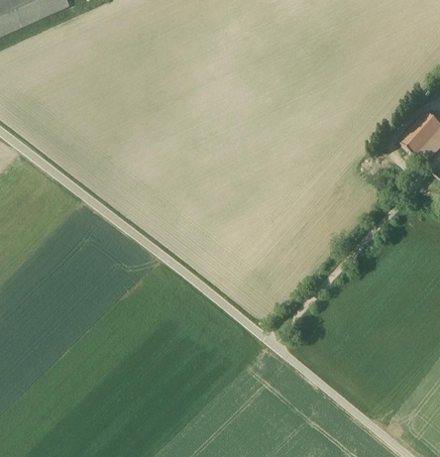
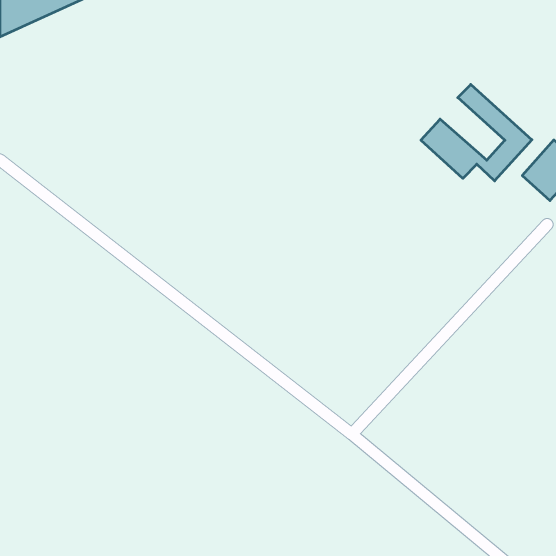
building: none -> [421,84,532,181]

